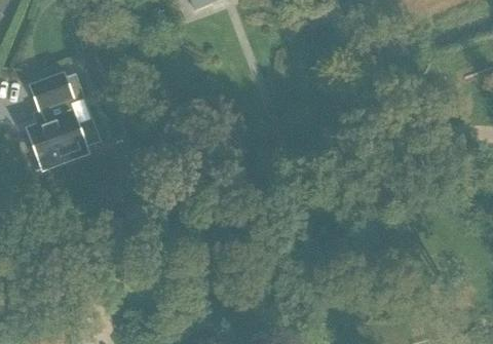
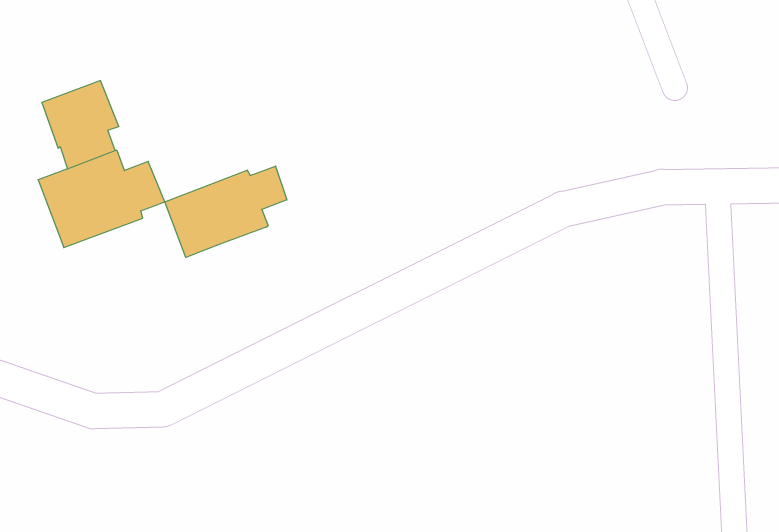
building: none -> [165,166,287,257]

